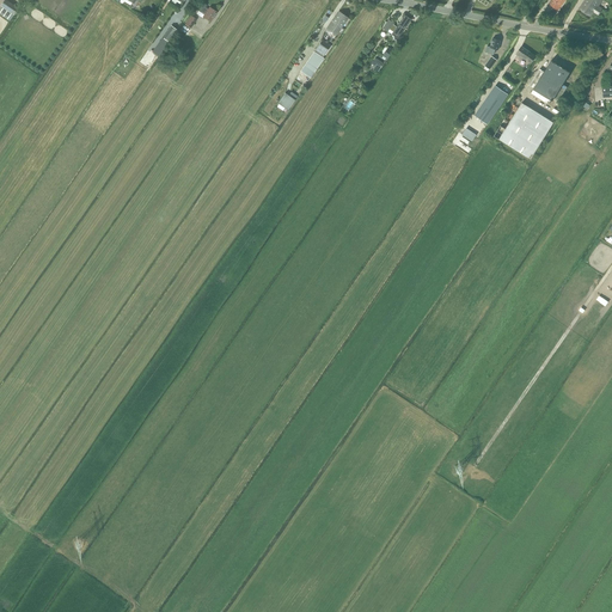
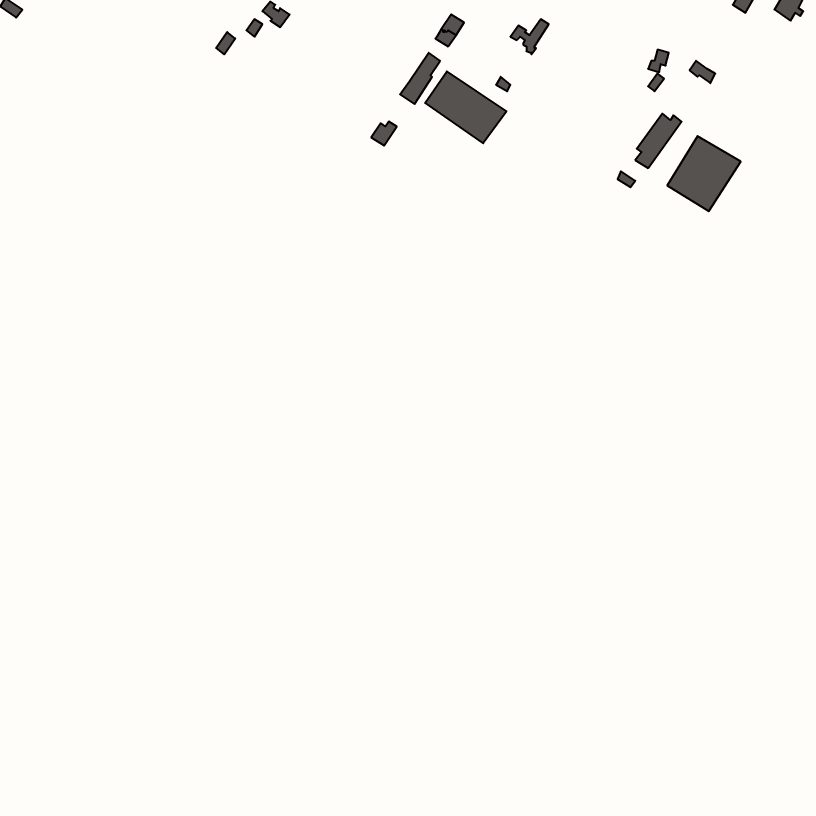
building: none -> [425,71,506,143]
building: [528,60,569,105] -> none

